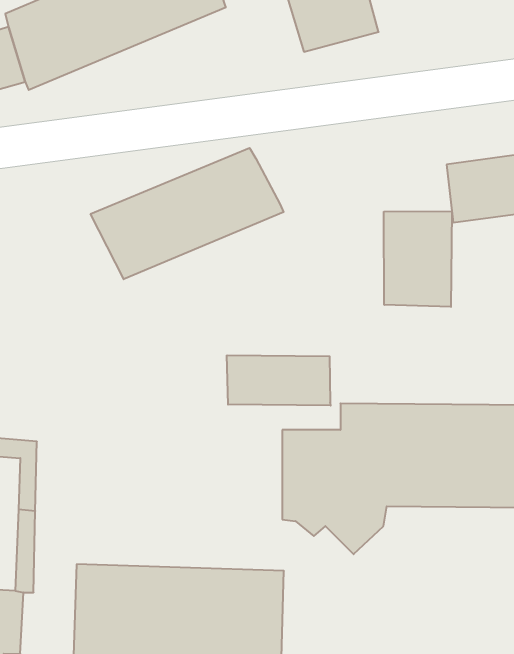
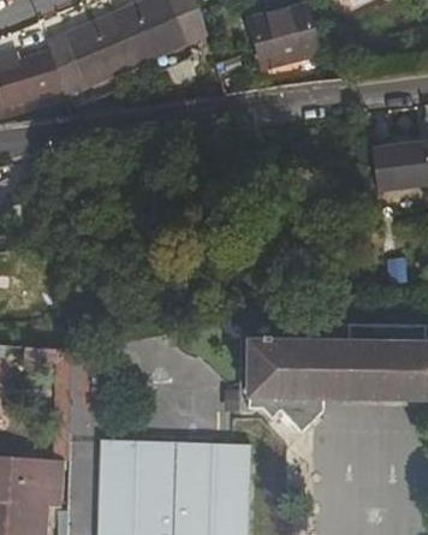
building: [91,148,284,279] -> none
building: [384,211,452,307] -> none
building: [227,355,331,406] -> none

